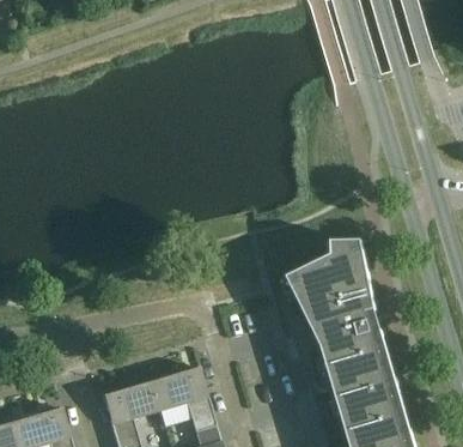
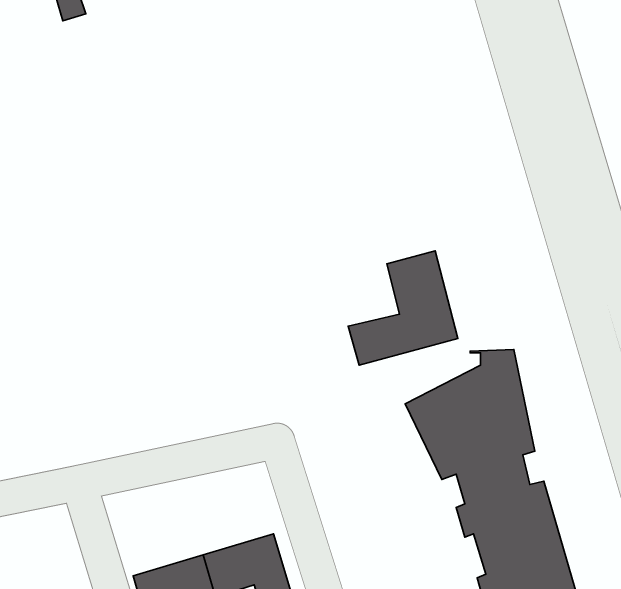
building: none -> [348,251,458,365]

